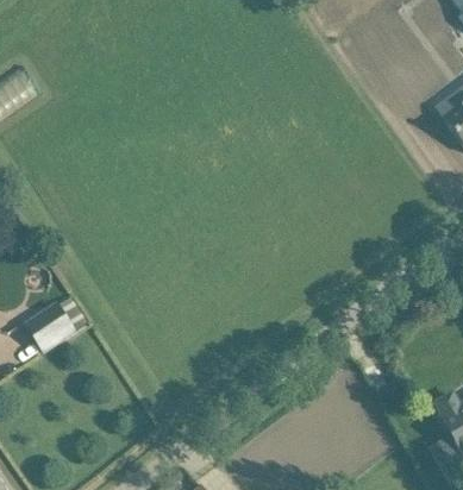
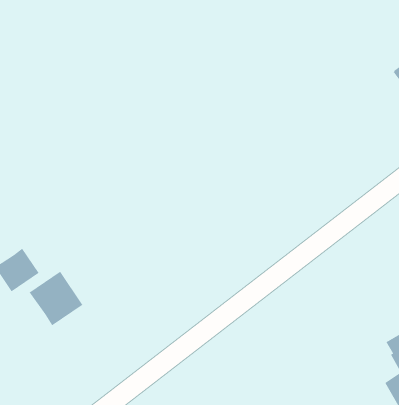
building: none -> [29,271,83,326]

